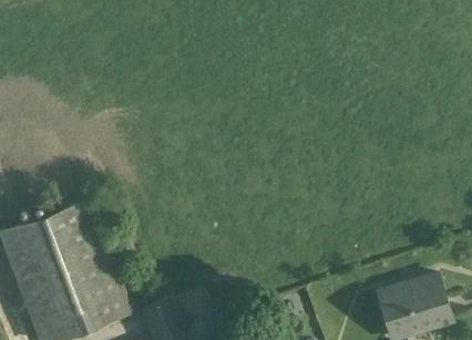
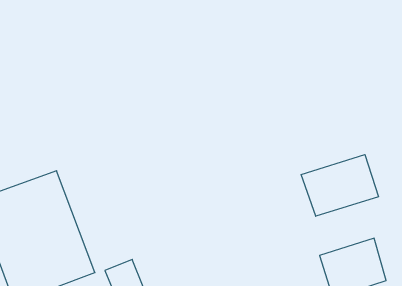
building: none -> [301,155,379,216]

